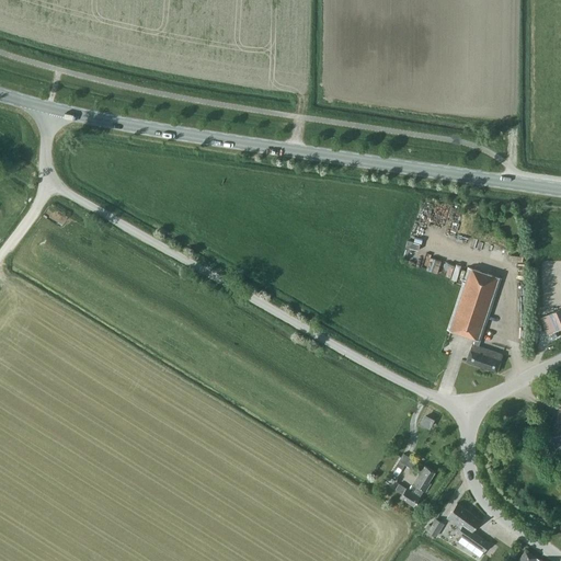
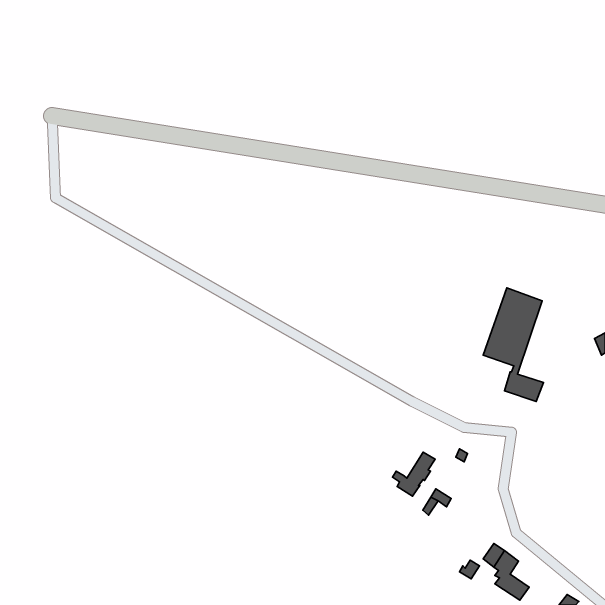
building: [396,466,435,506] -> [392,452,435,496]

